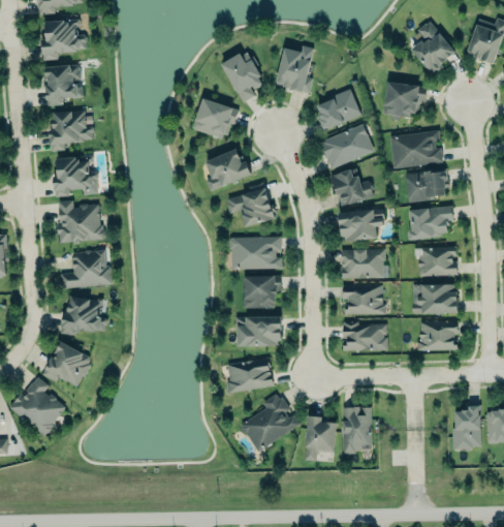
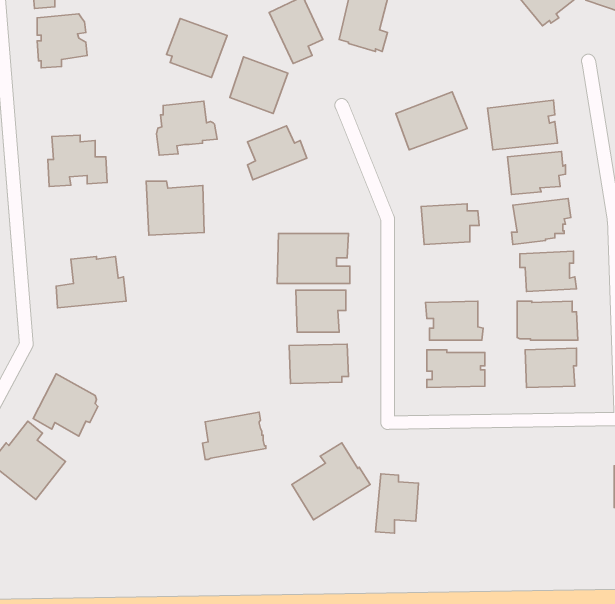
building: none -> [167,18,227,78]
building: [383,82,428,121] -> none
building: [318,88,363,131] -> none
building: [49,110,95,151] -> [157,101,217,155]
building: [329,167,374,206] -> none
building: [227,187,276,227] -> none
building: [57,200,101,242] -> [146,181,204,235]
building: [340,249,388,279] -> none
building: [60,297,107,335] -> none
building: [225,358,274,394] -> [203,412,266,459]
building: [452,405,480,448] -> none
building: [344,408,372,454] -> none

